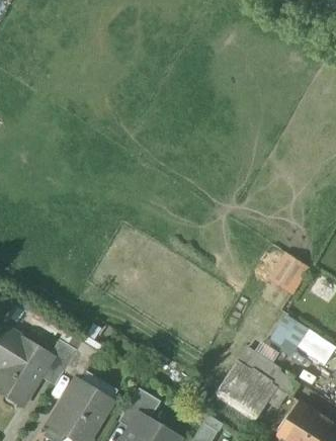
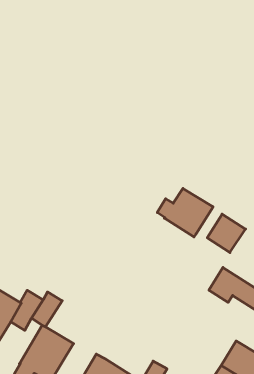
building: none -> [157,188,213,237]
building: [215,346,302,422] -> none
building: [119,389,161,429] -> none

